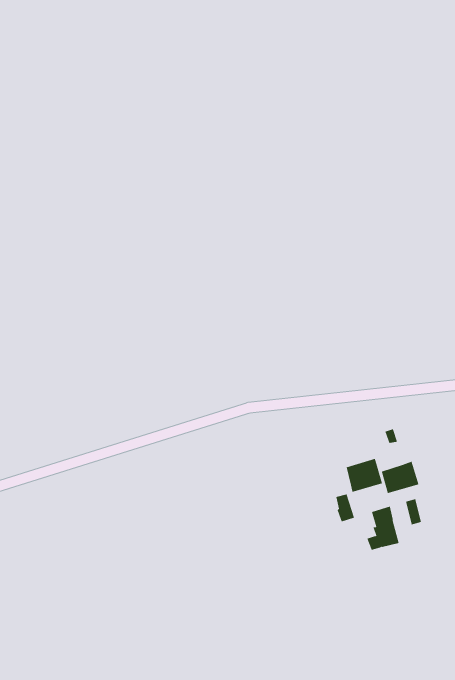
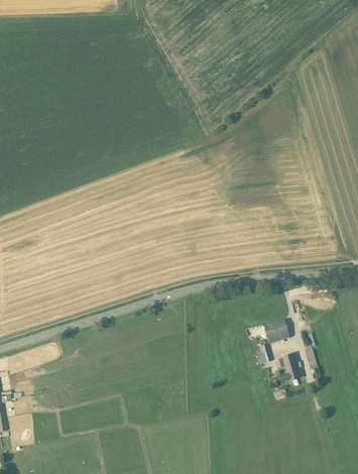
building: [381,461,419,494] -> none

